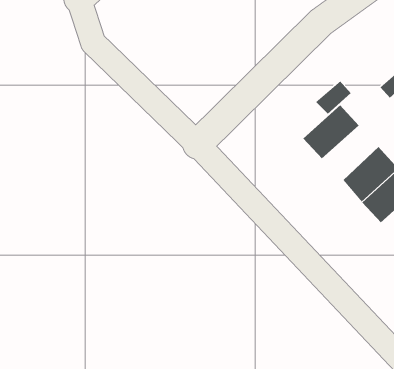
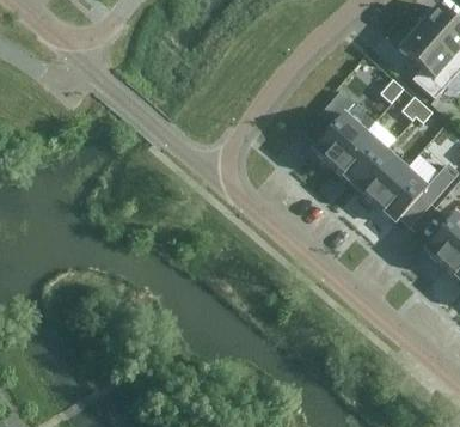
building: none -> [333,130,386,184]

